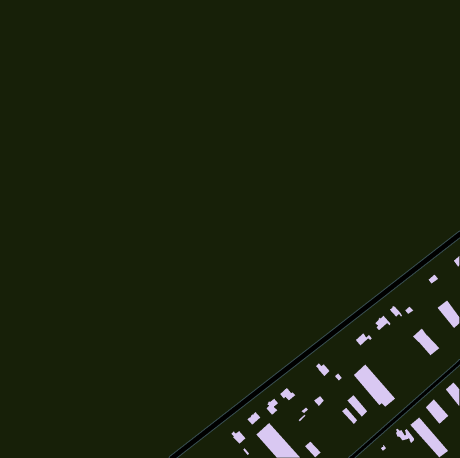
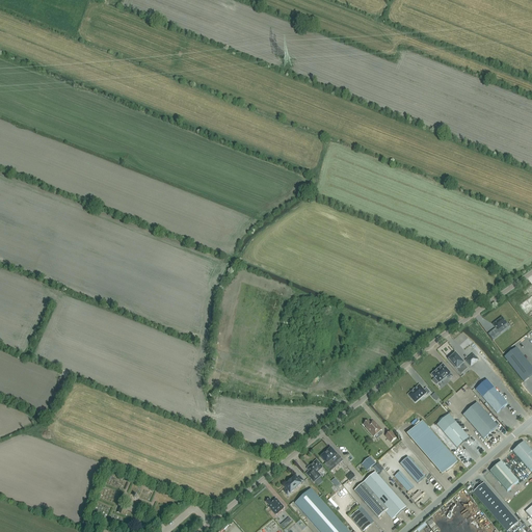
building: none -> [463,401,498,437]
building: none -> [436,413,470,447]
building: none -> [354,471,406,517]

